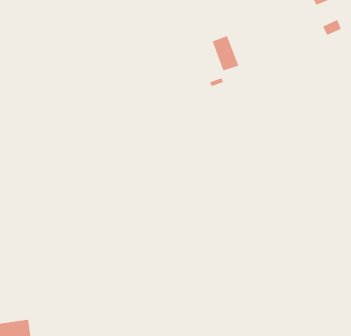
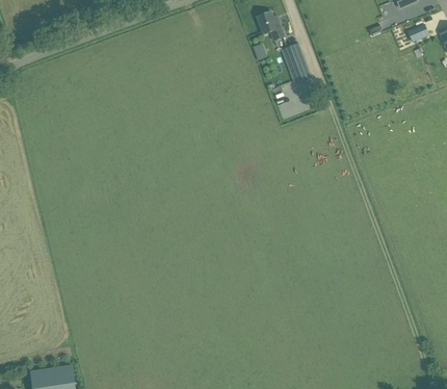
building: none -> [257,10,284,40]

